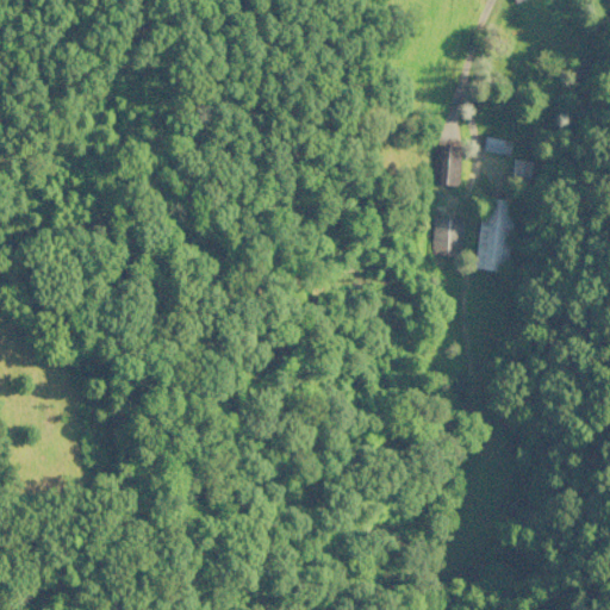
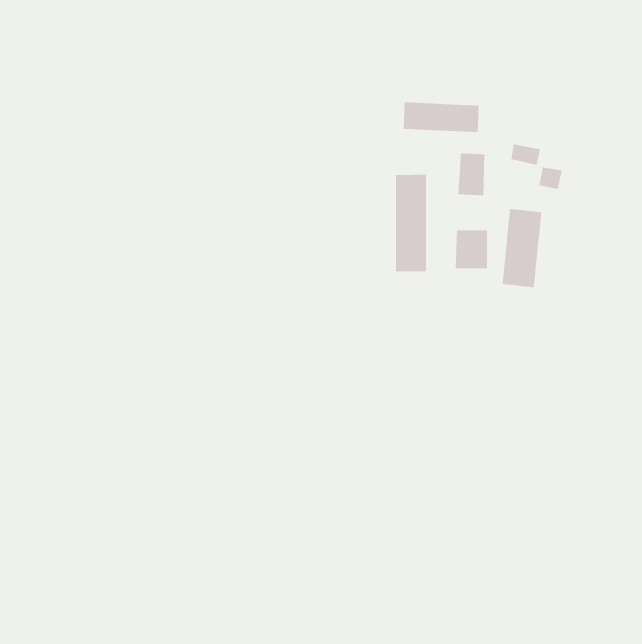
building: none -> [403,101,479,133]
building: none -> [395,174,426,272]

